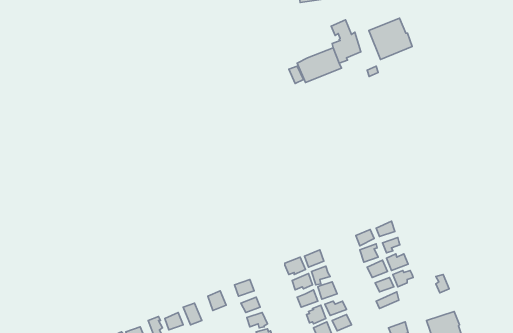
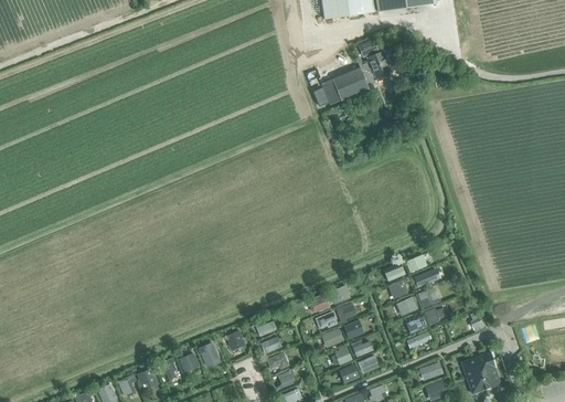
building: [369,18,412,60] -> none

